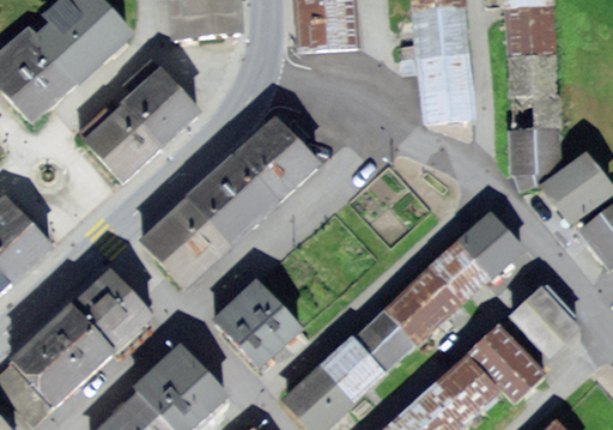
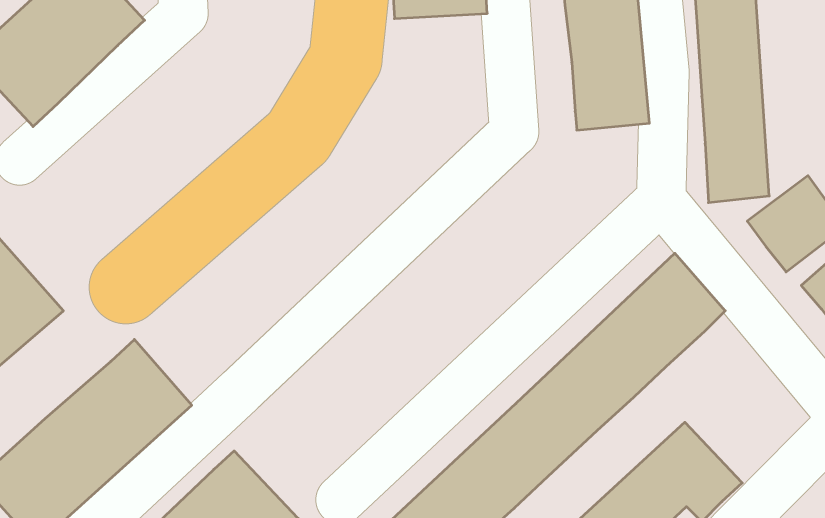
building: [78,67,198,182] -> none
building: [145,113,321,285] -> none
building: [214,281,297,364] -> none
building: [515,289,571,352] -> none

